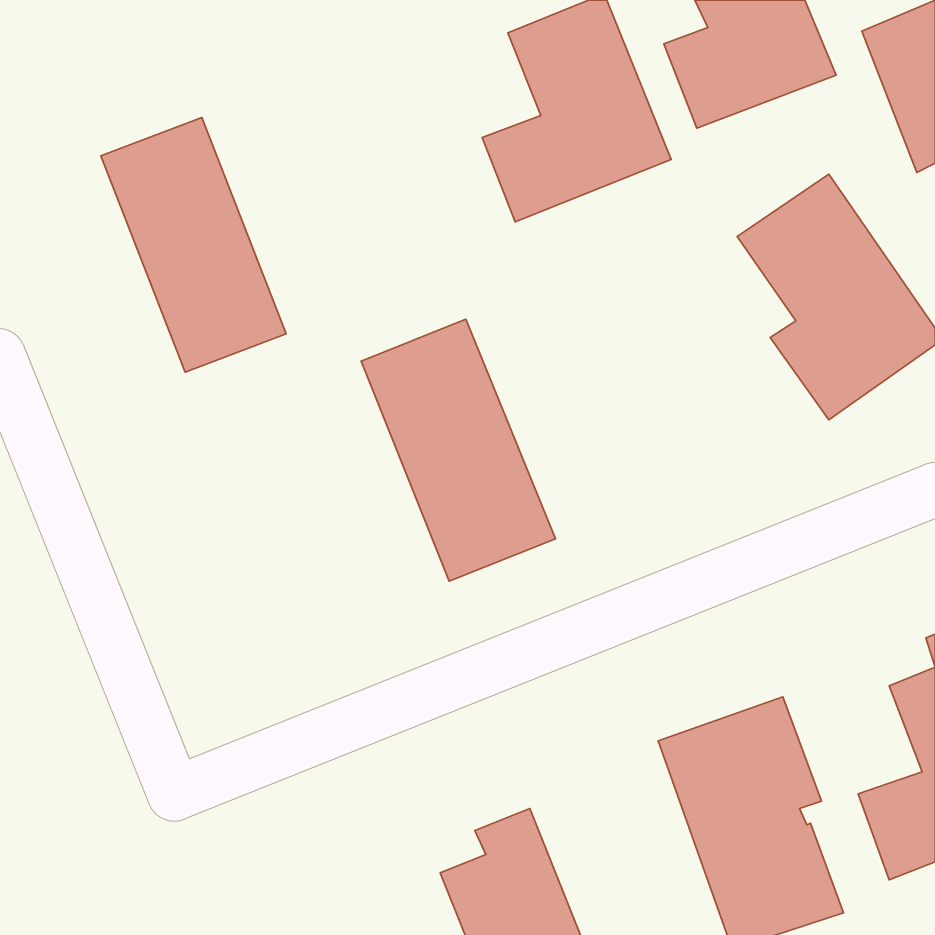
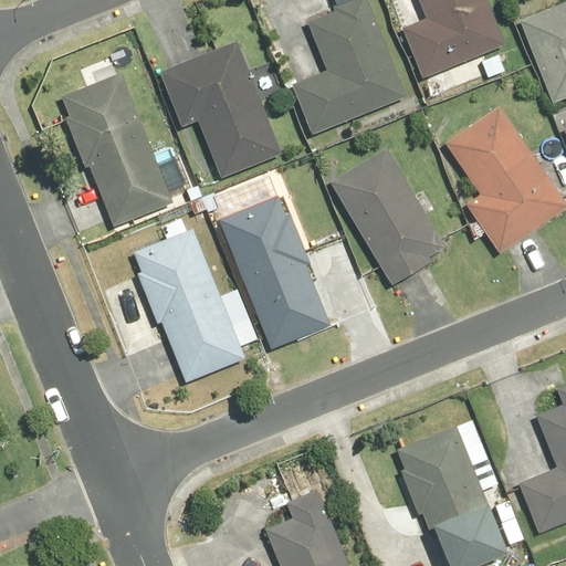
building: none -> [159,41,282,178]
building: none -> [331,147,447,285]
building: none -> [129,227,245,385]

